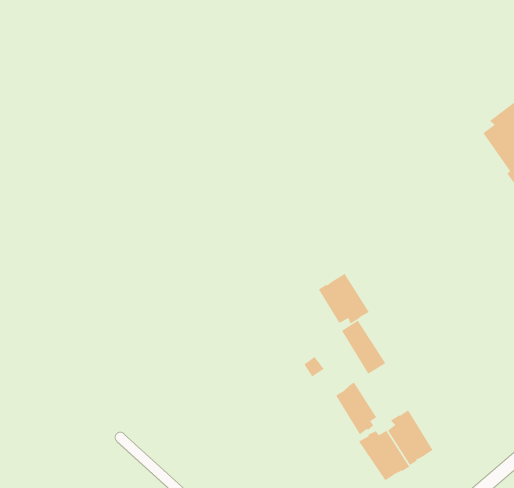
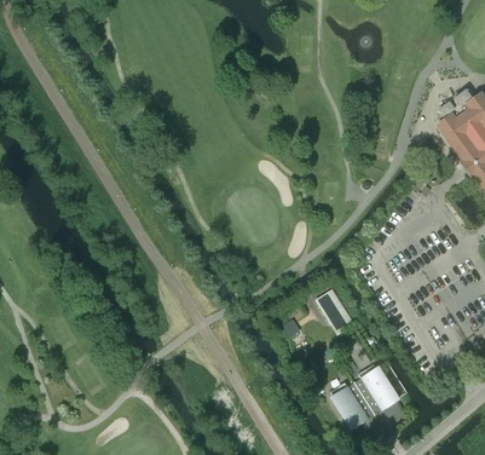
building: [317,273,369,325] -> none
building: [335,380,377,435] -> none

